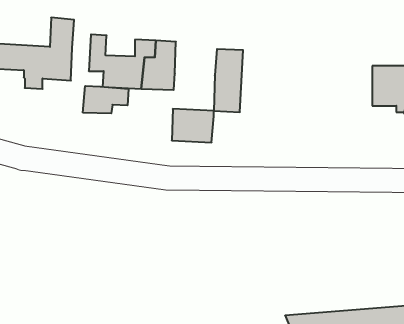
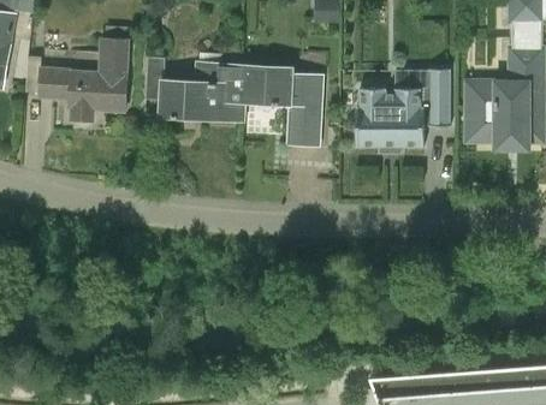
building: none -> [356,69,450,147]
building: [83,86,128,113] -> none
building: [172,109,214,142] -> [243,66,291,105]

